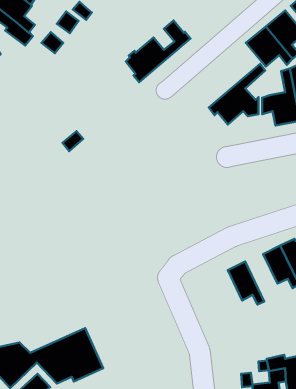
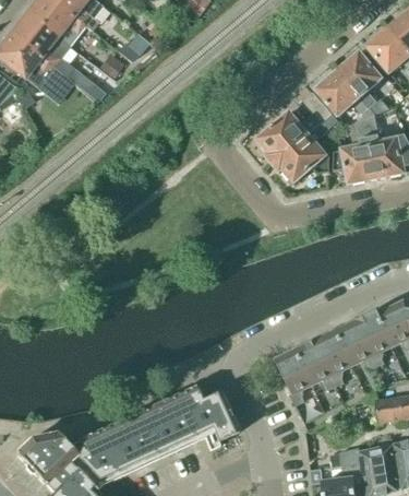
building: [126,20,191,82] -> [257,92,332,163]
building: none -> [314,331,351,386]
building: none -> [276,350,311,404]
building: none -> [131,387,238,462]

